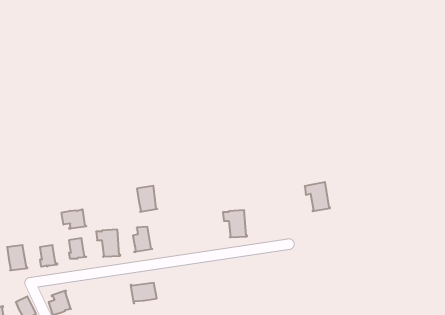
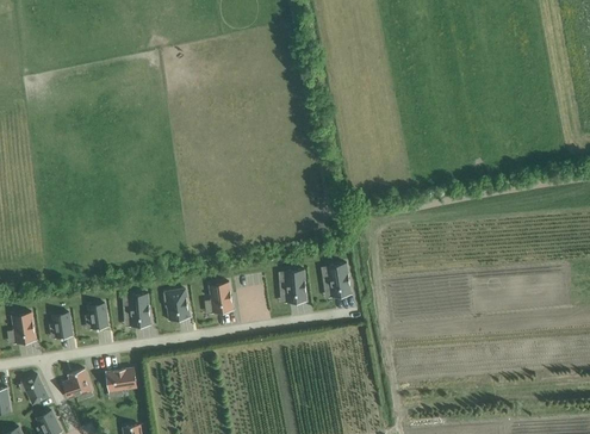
building: [305,182,330,211] -> [321,262,352,298]
building: [137,186,157,212] -> [209,281,234,314]
building: [62,209,86,229] -> none
building: [131,283,157,303] -> [105,368,137,393]

